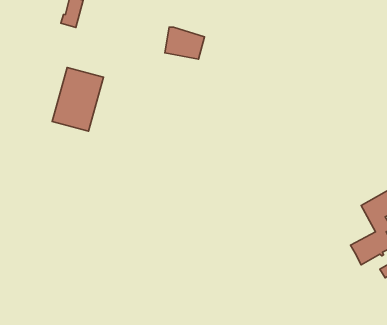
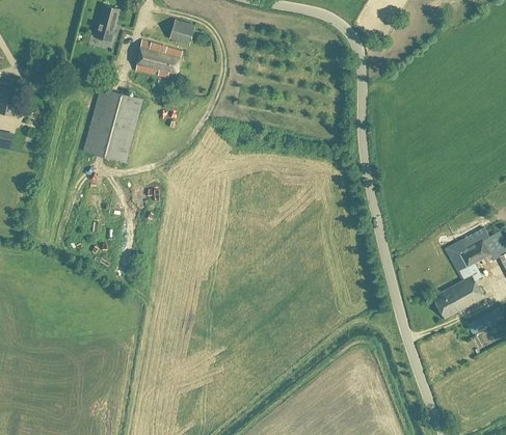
building: none -> [167,19,192,44]
building: [165,27,205,59] -> [134,40,181,78]

